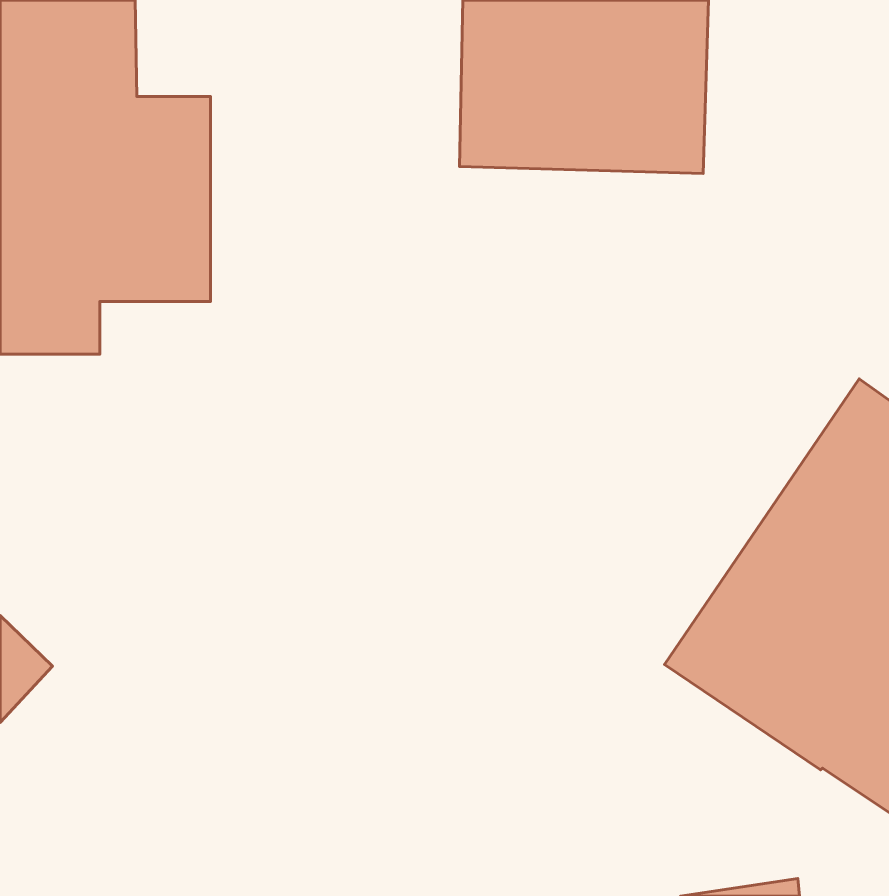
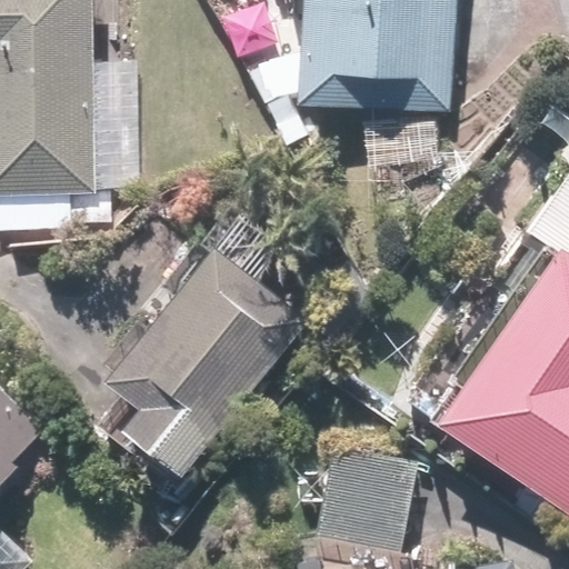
building: none -> [96,243,306,483]
building: none -> [313,439,421,553]

